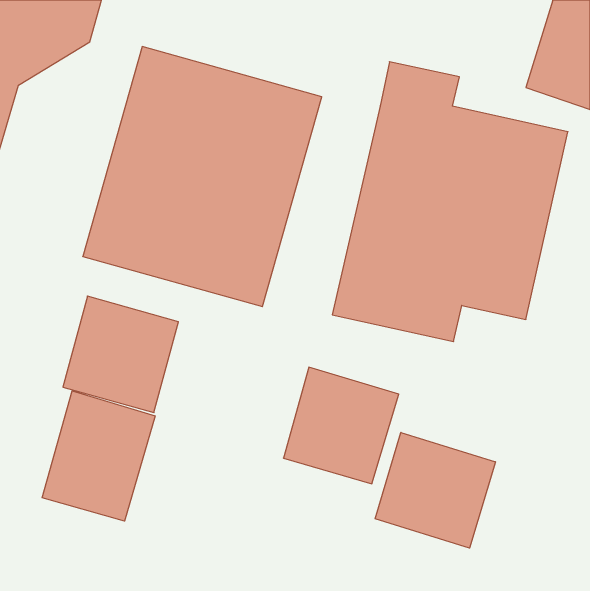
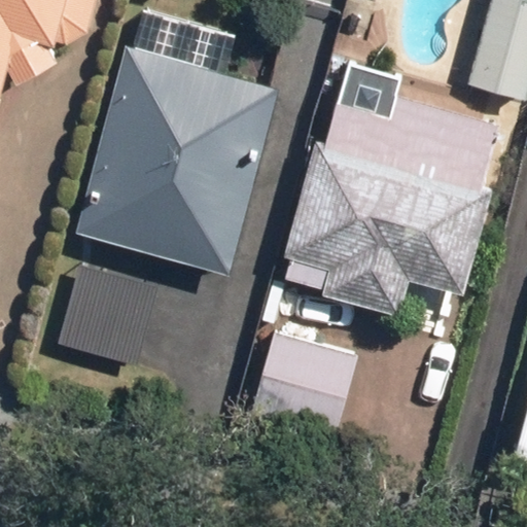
building: [42,391,155,521] -> none
building: [375,432,495,548] -> none

